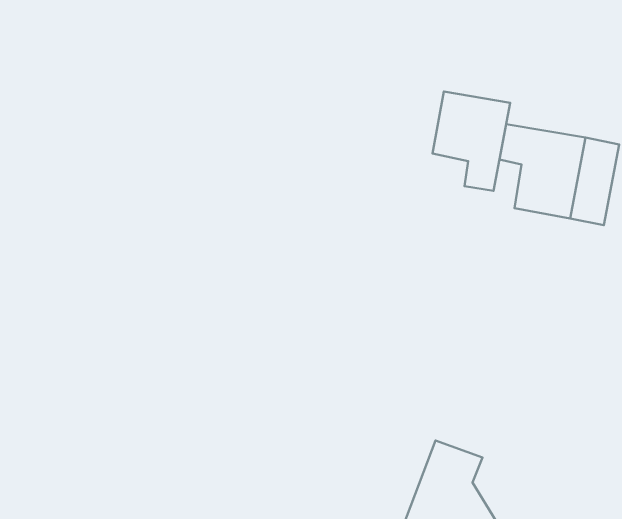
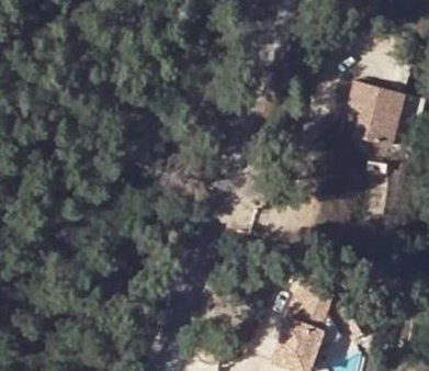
building: [433,91,510,191] -> none

